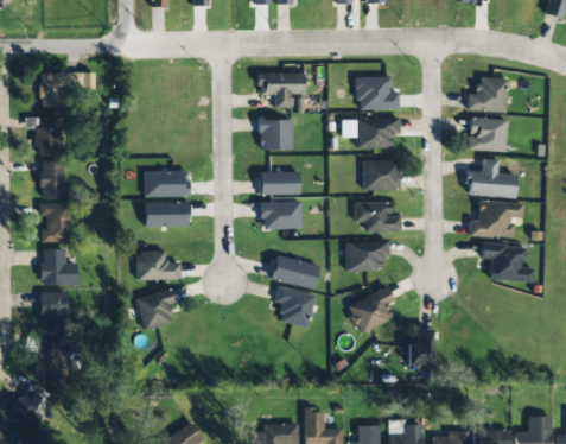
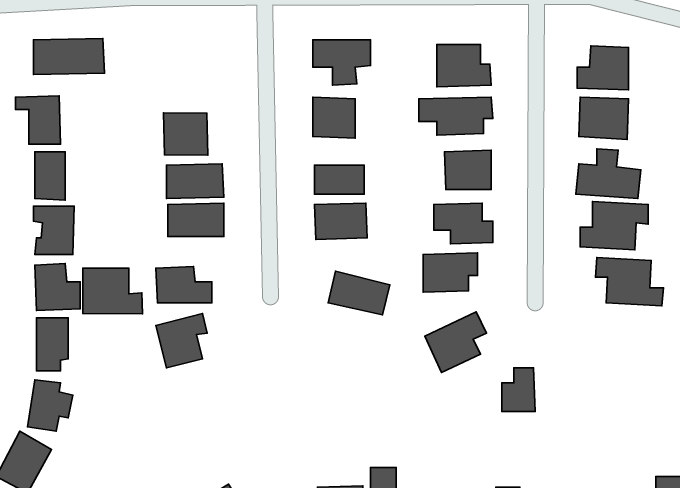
building: none -> [164,113,208,155]
building: none -> [83,268,142,314]
building: [274,285,316,328] -> none

